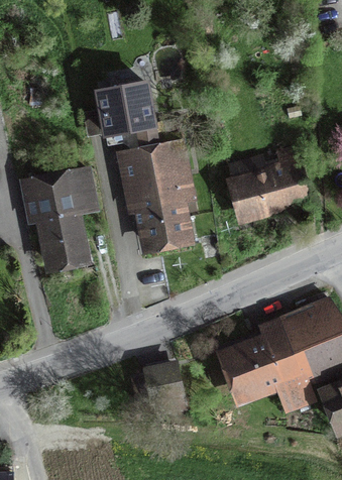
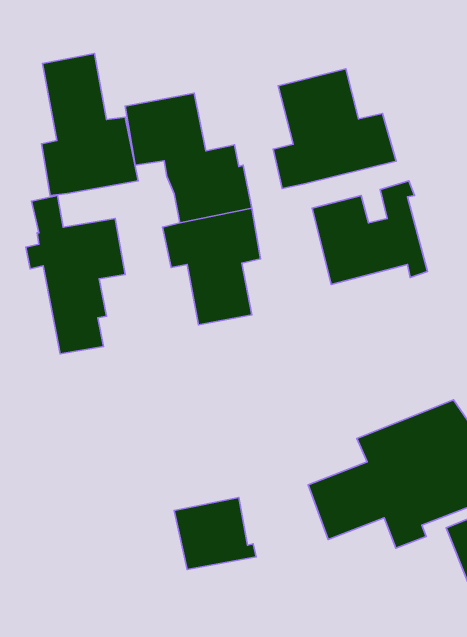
building: none -> [41,54,138,195]
building: none -> [273,69,396,188]

